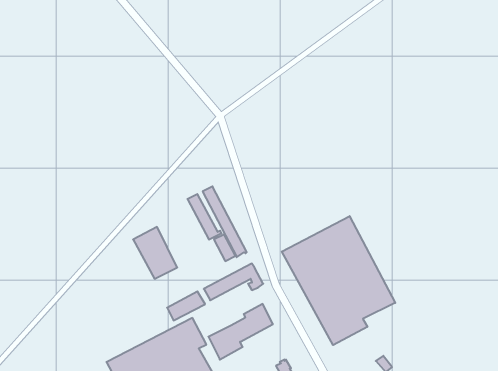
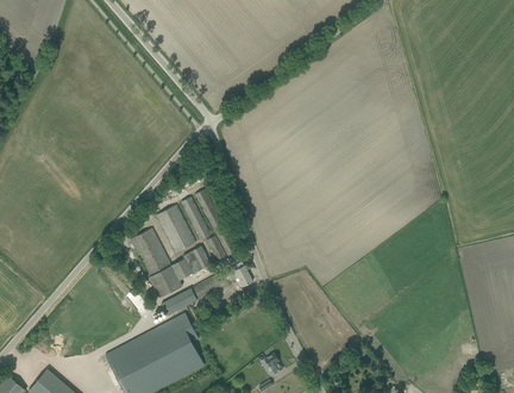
building: none -> [155,205,195,252]
building: [282,216,395,345] -> none
building: [208,304,273,360] -> [150,245,211,298]

